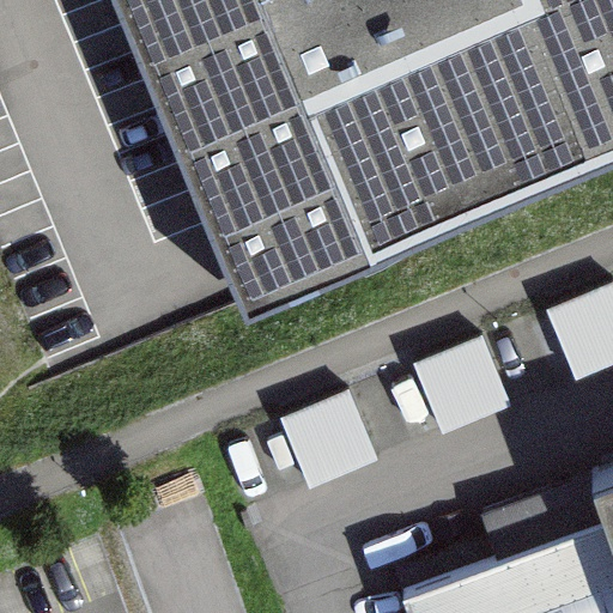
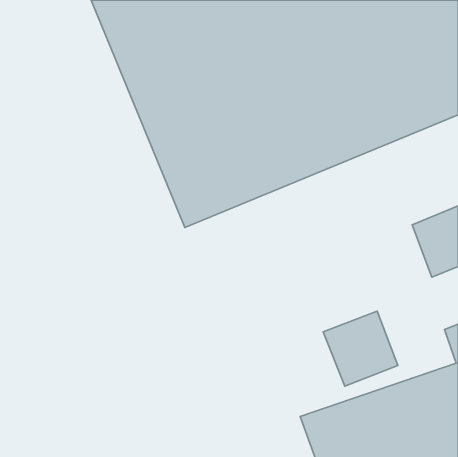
building: [413,330,512,430] -> [323,311,398,386]
building: [283,386,380,482] -> none

